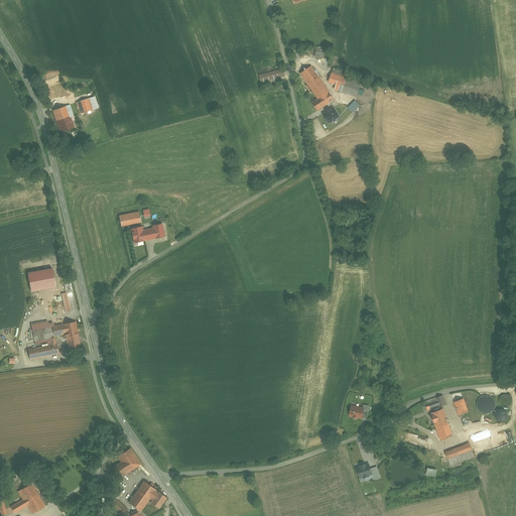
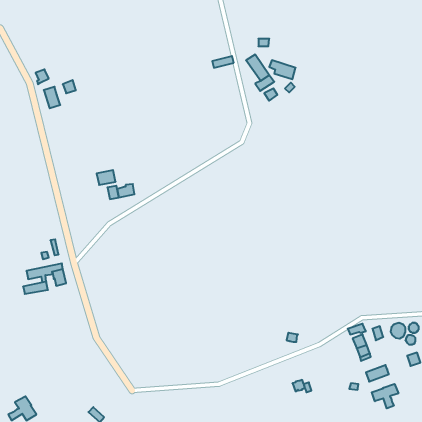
building: [28,268,55,291] -> none
building: [112,448,140,478] -> none
building: none -> [372,384,398,408]
building: [129,481,166,511] -> none

